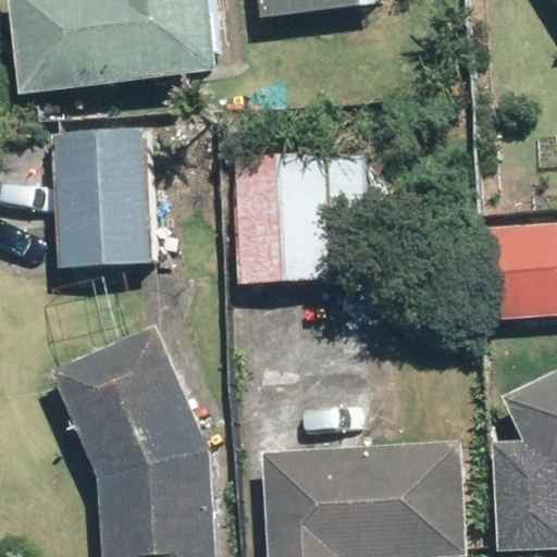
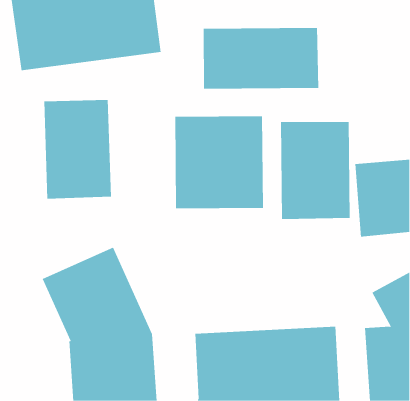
building: none -> [203,27,319,89]
building: none -> [281,121,350,220]

